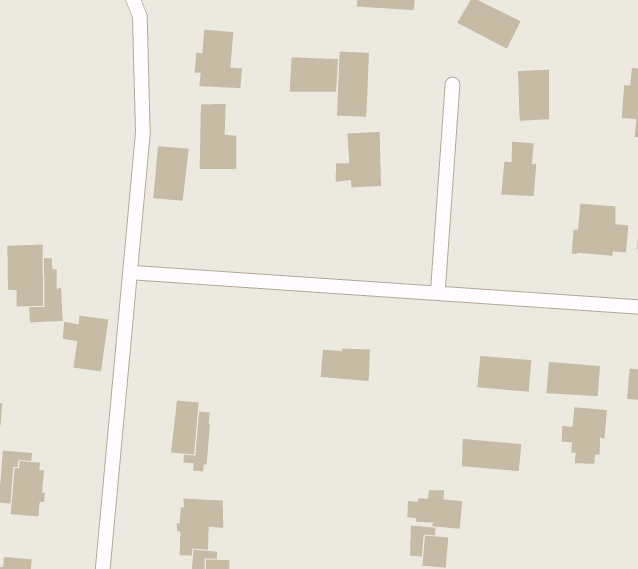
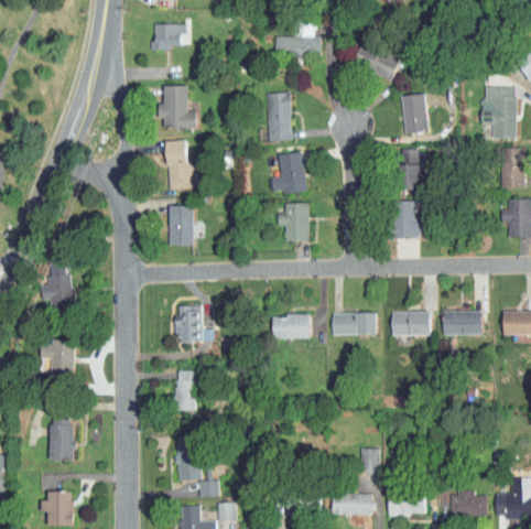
building: [289,57,339,93] -> none
building: [153,146,189,201] -> [170,205,194,245]
building: none -> [278,203,310,240]
building: [571,203,629,256] -> [388,201,430,239]
building: [62,315,109,372] -> [42,338,76,379]
building: none -> [175,304,202,343]
building: [561,407,607,465] -> none
building: [461,439,522,472] -> [332,313,377,334]
building: [407,489,463,529] -> none

